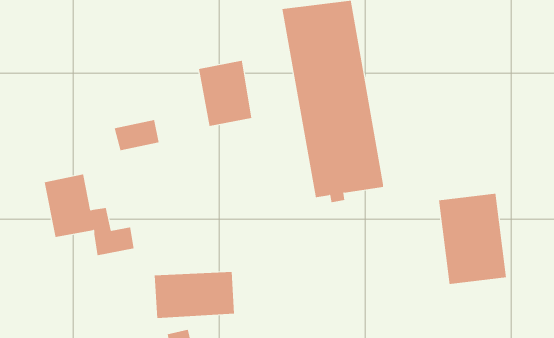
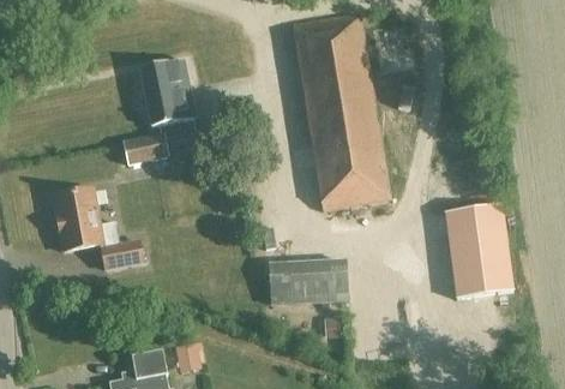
building: [198,60,252,127] -> [142,58,196,124]
building: [154,272,235,319] -> [269,258,349,305]

